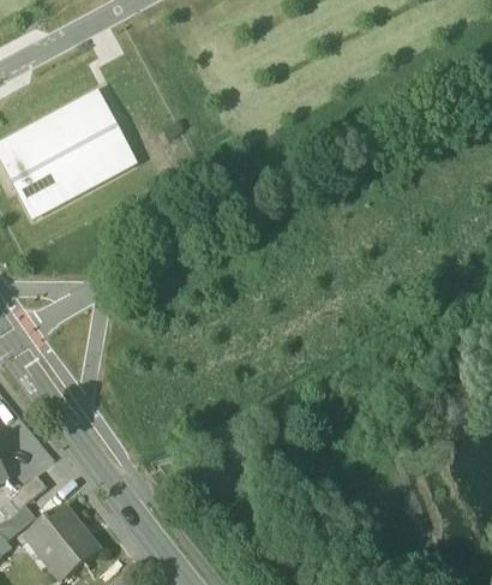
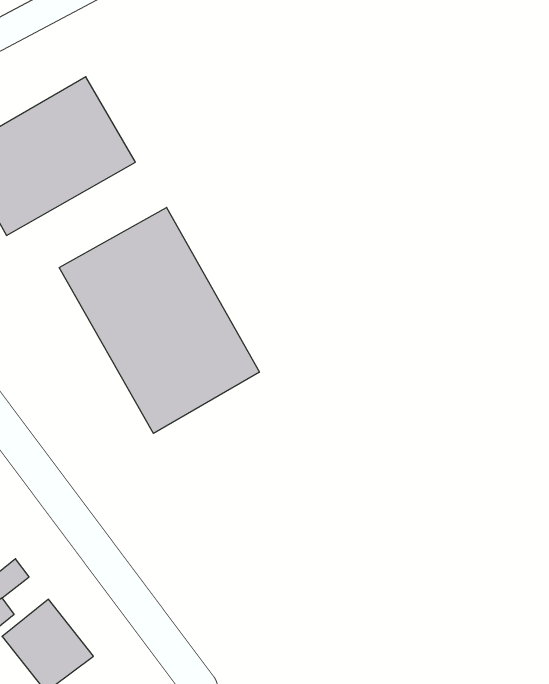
building: none -> [59,207,259,433]

